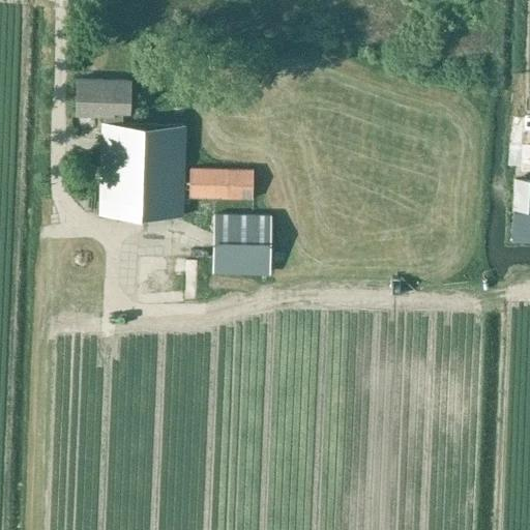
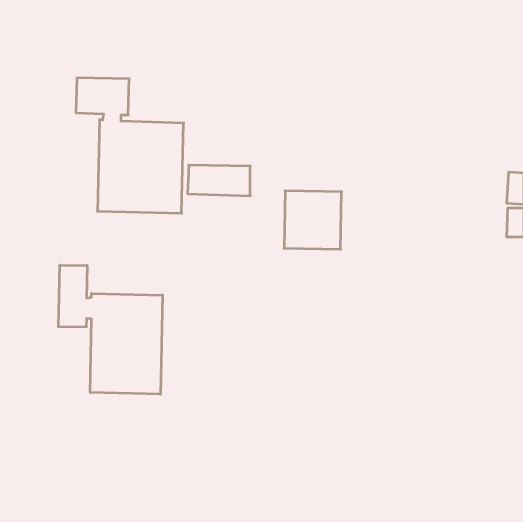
building: [214,214,272,273] -> [284,191,342,249]
building: none -> [58,265,163,394]

